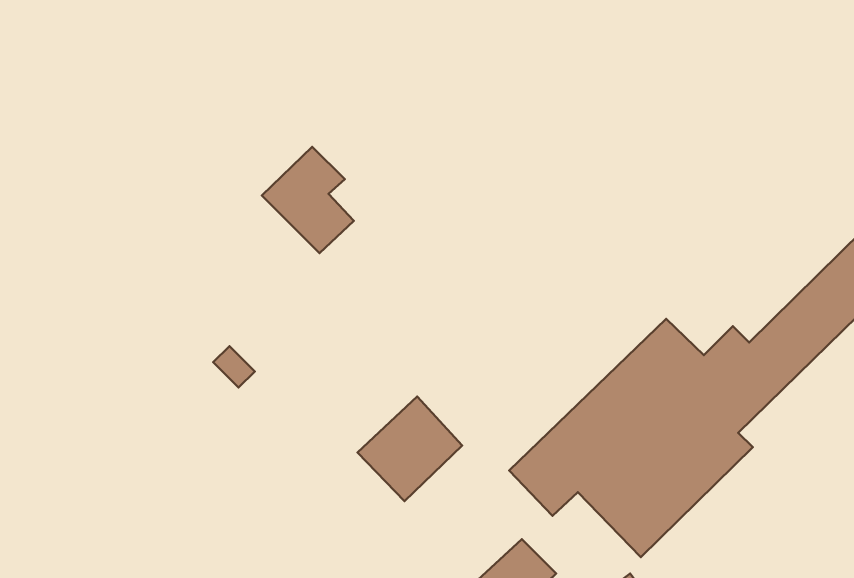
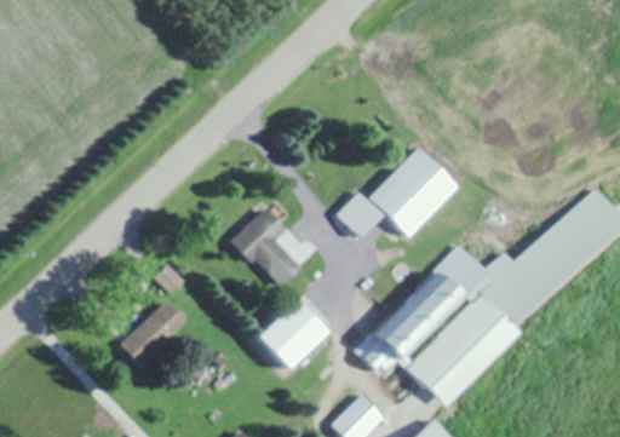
building: [262,147,354,253] -> [232,208,294,280]
building: none -> [338,148,459,238]
building: none -> [120,301,186,368]

